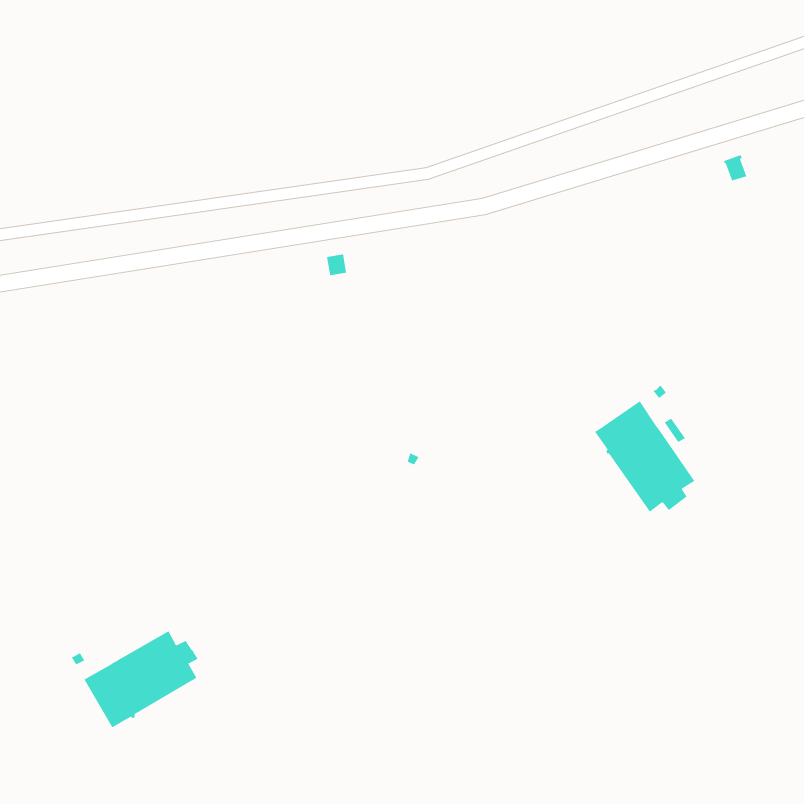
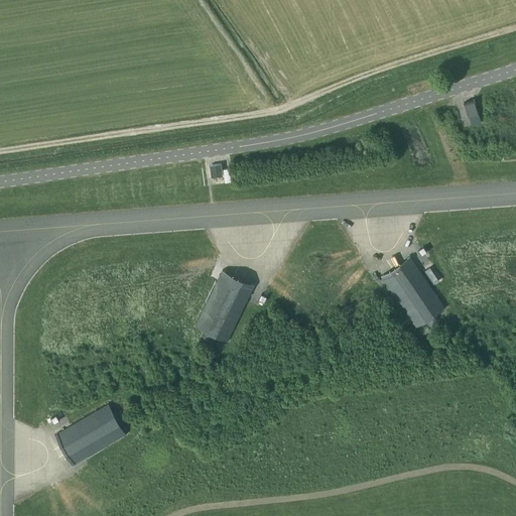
building: none -> [195,271,254,344]

